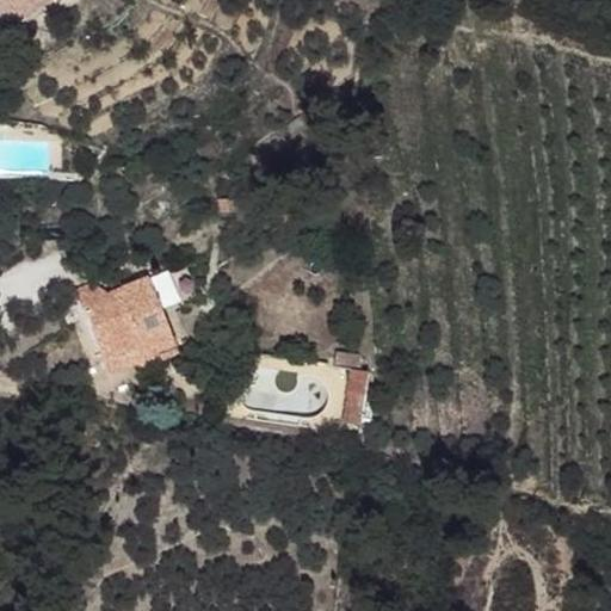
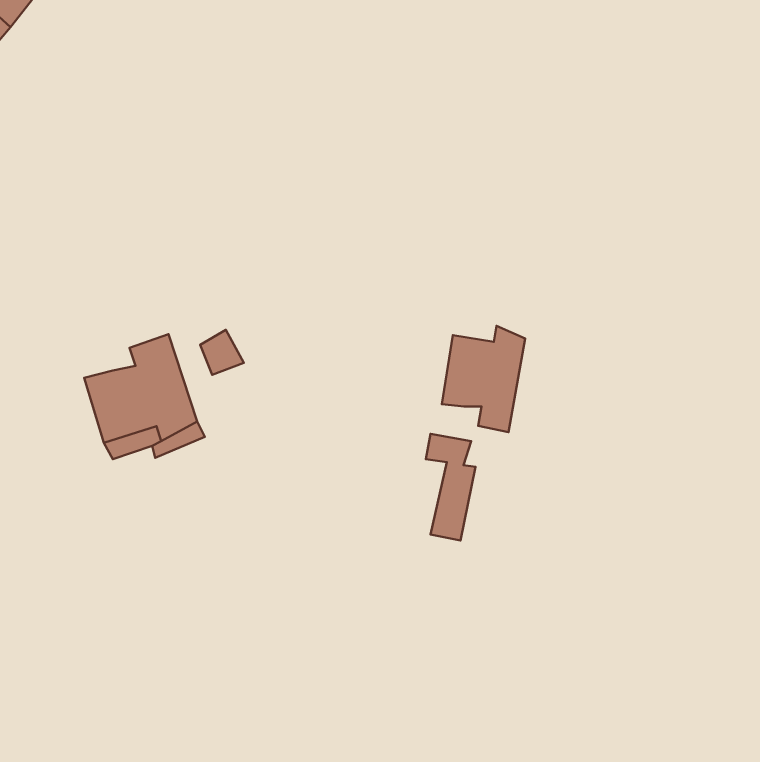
building: none -> [442,326,525,432]

